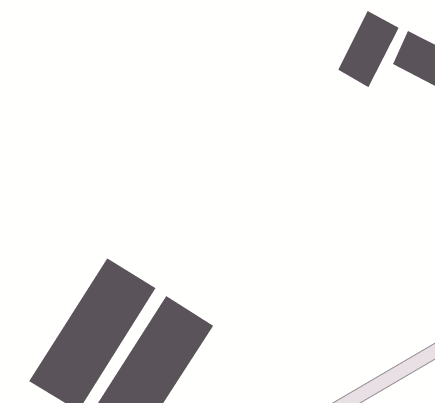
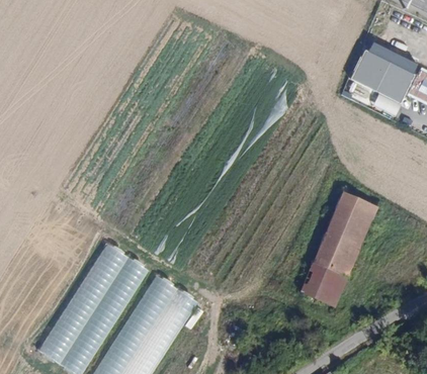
building: [338,10,399,88] -> none
building: none -> [301,190,377,305]

